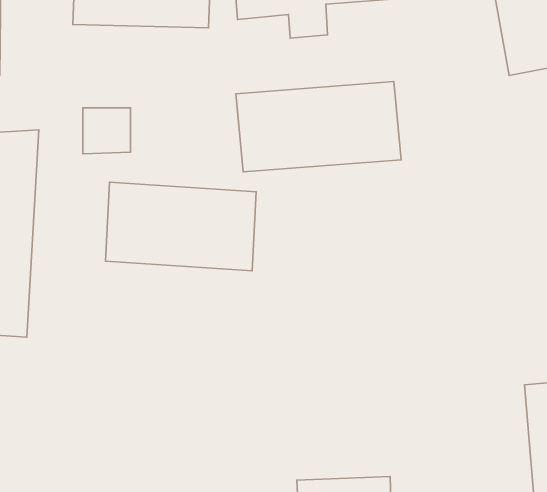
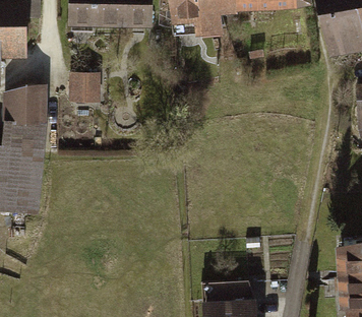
building: [236,82,401,172] -> none
building: [106,182,256,271] -> none

